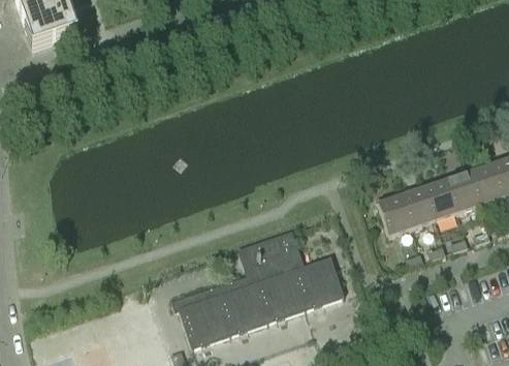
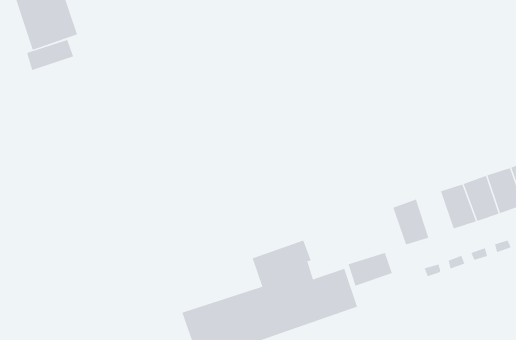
building: none -> [27,39,74,71]
building: [400,185,435,230] -> none
building: none -> [348,252,393,286]

